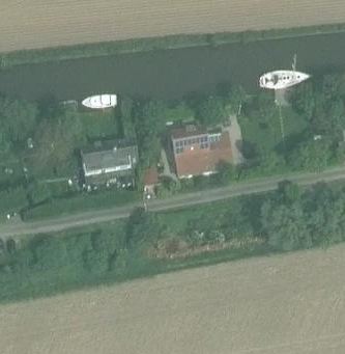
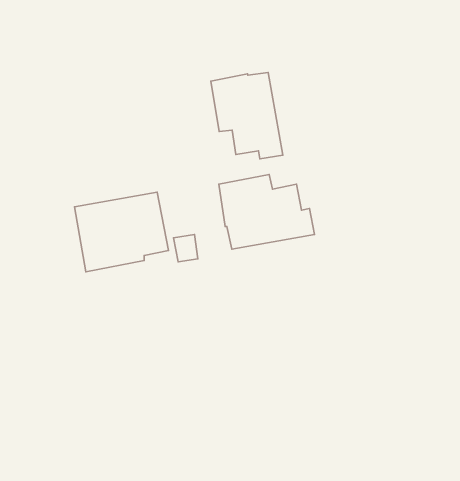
building: none -> [211,73,283,159]

